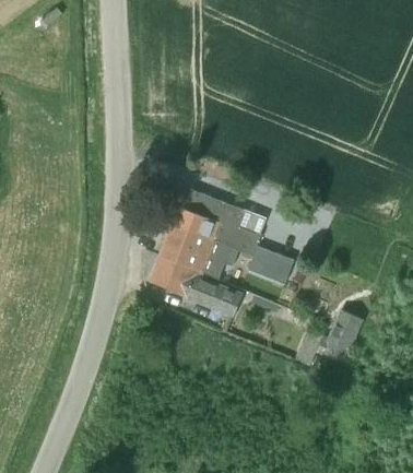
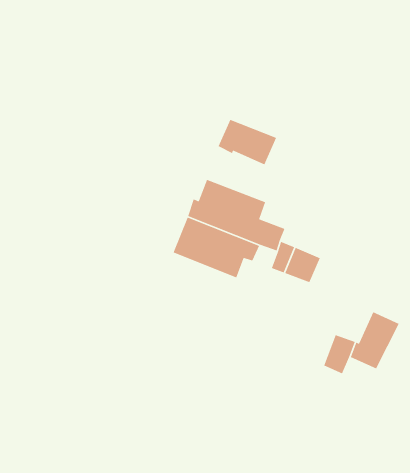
building: none -> [218,119,277,165]
building: [151,257,243,316] -> none

